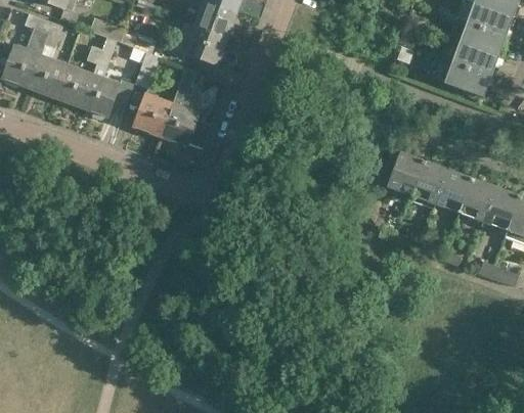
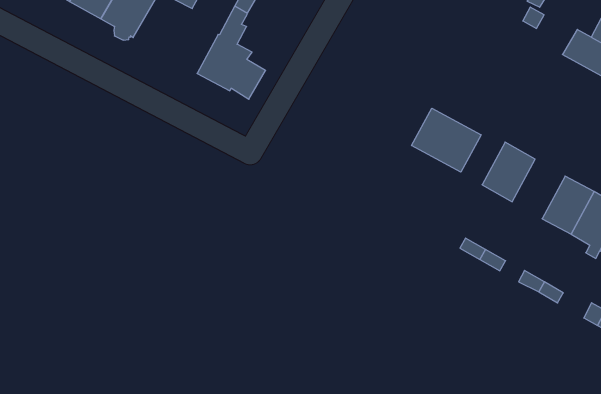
building: [133,94,171,136] -> none
building: none -> [412,108,481,172]
building: [411,160,448,204] -> none

